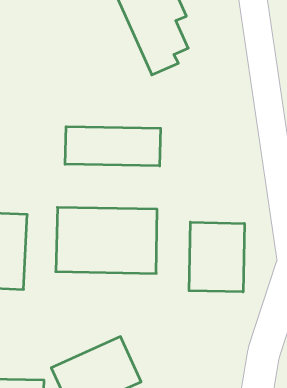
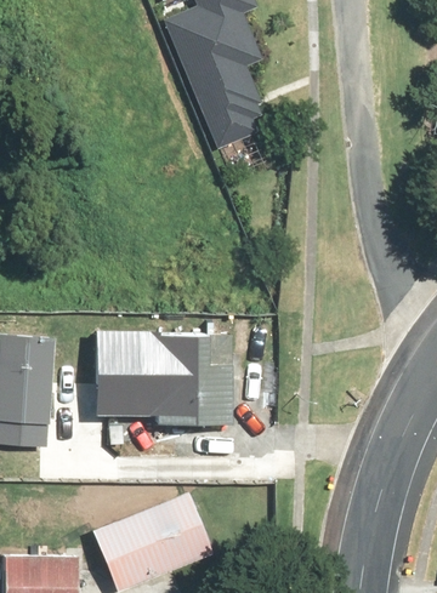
building: [65,127,161,166] -> none
building: [189,222,244,292] -> none

